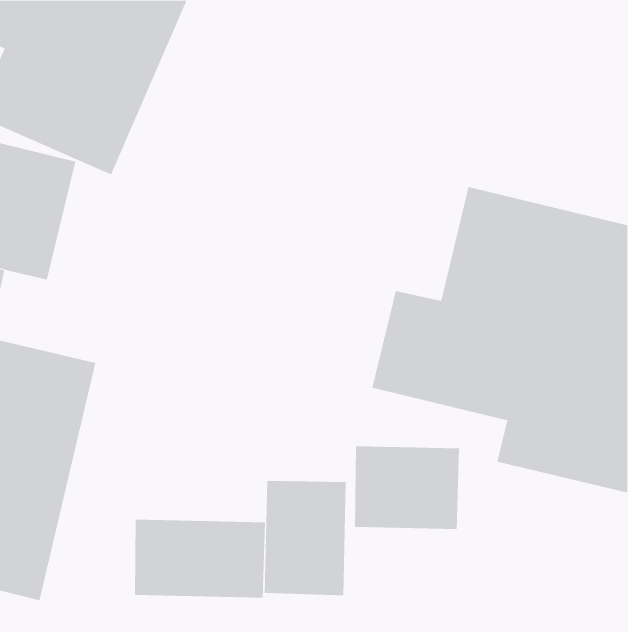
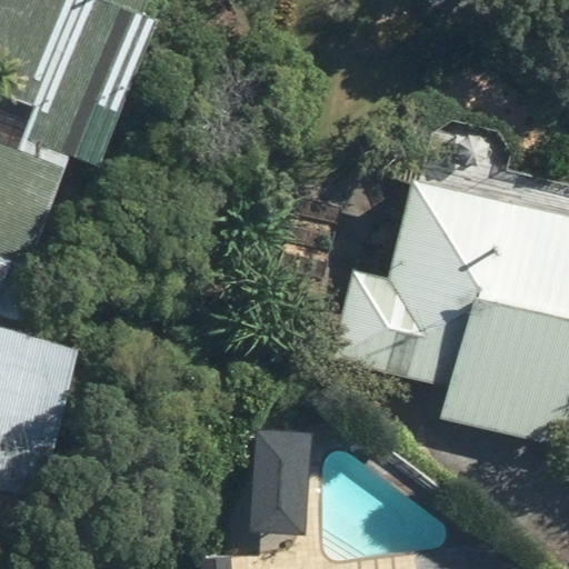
building: [355,446,459,530] -> none
building: [134,519,266,598] -> none

